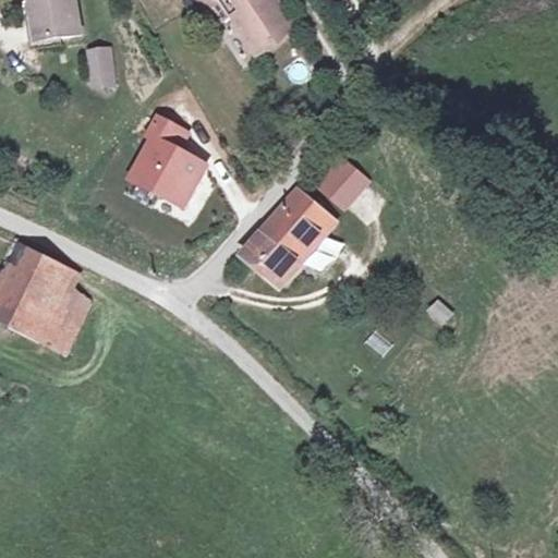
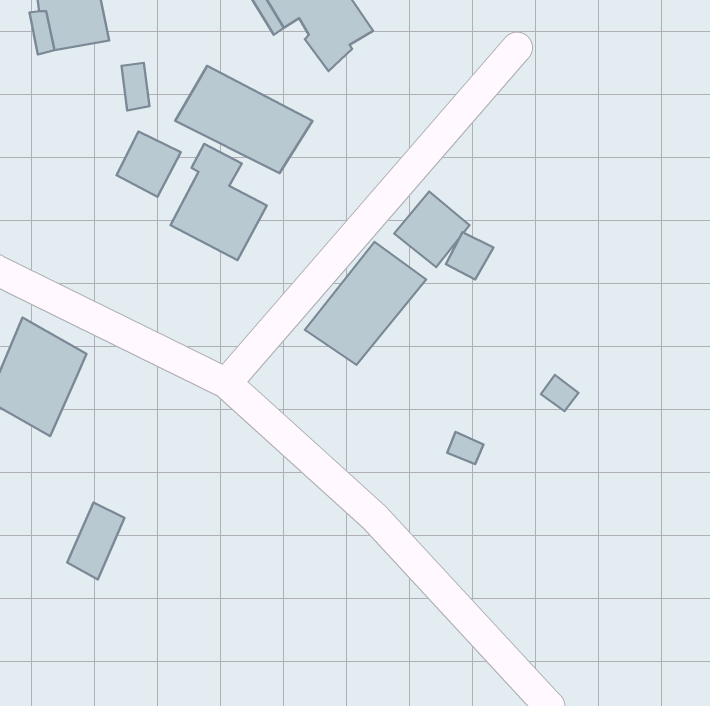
building: none -> [175,66,313,173]
building: none -> [116,131,181,197]
building: [39,293,84,353] -> [67,503,124,579]

